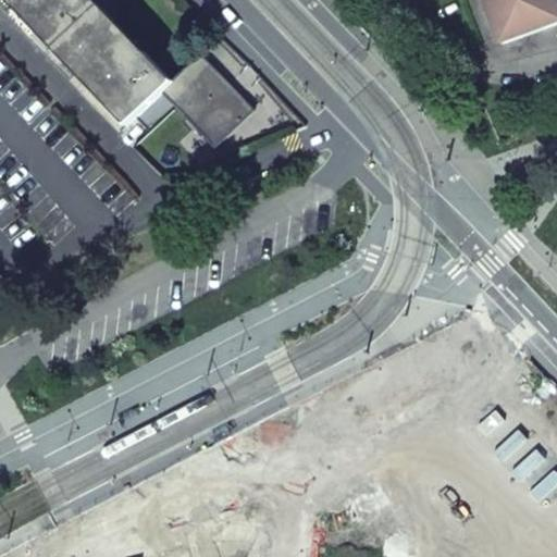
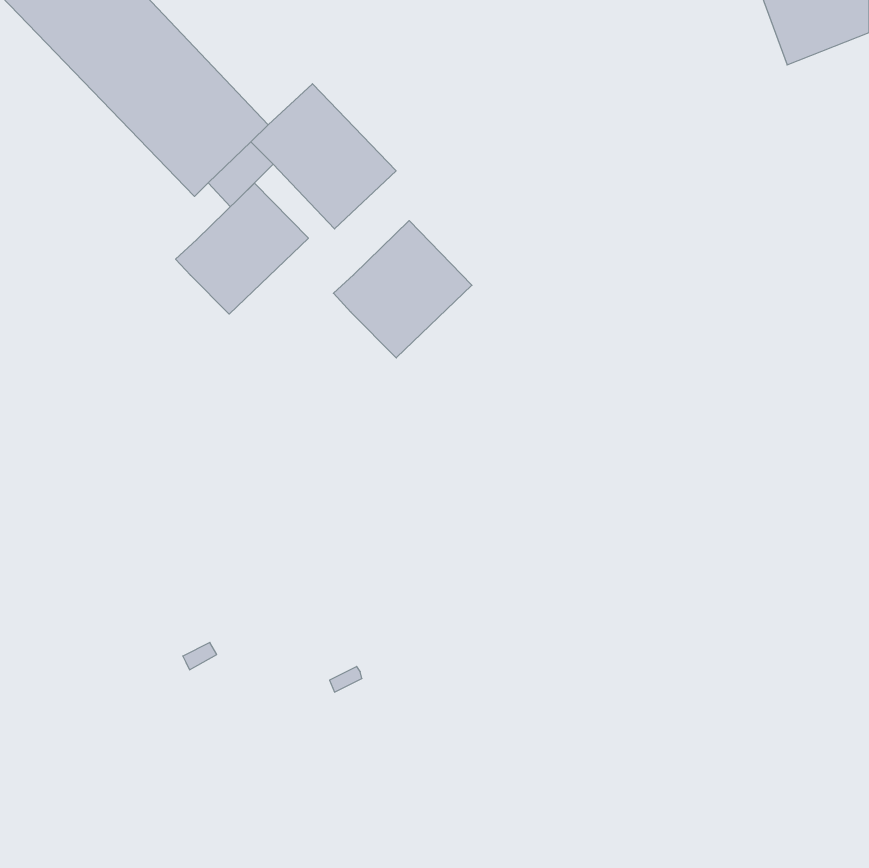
building: none -> [176,183,308,314]
building: none -> [333,221,472,358]

